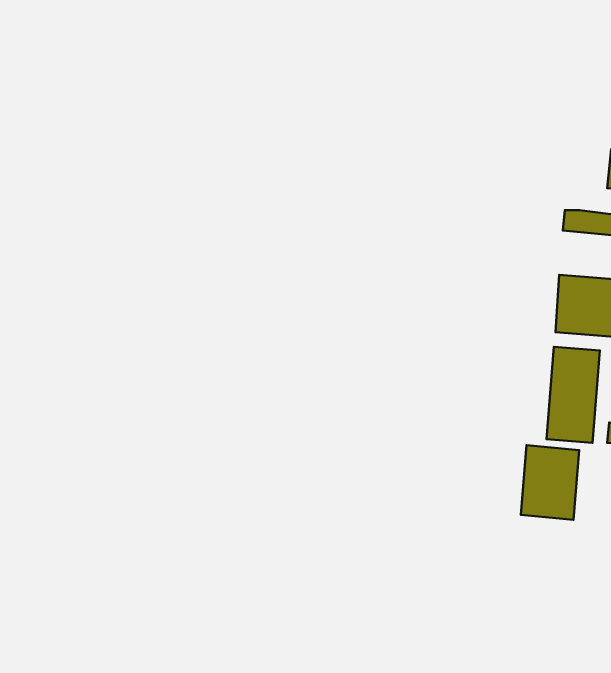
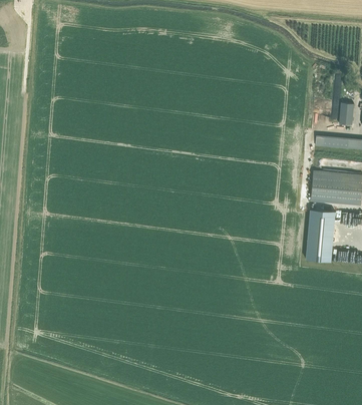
building: [521,445,579,520] -> none

